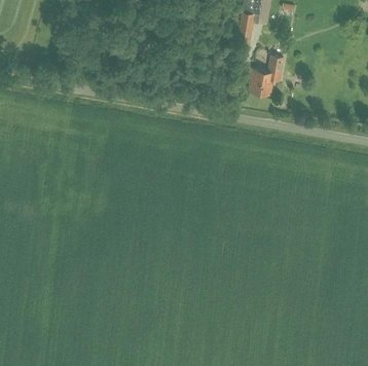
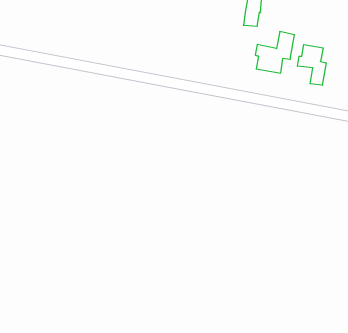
building: none -> [298,45,326,85]

